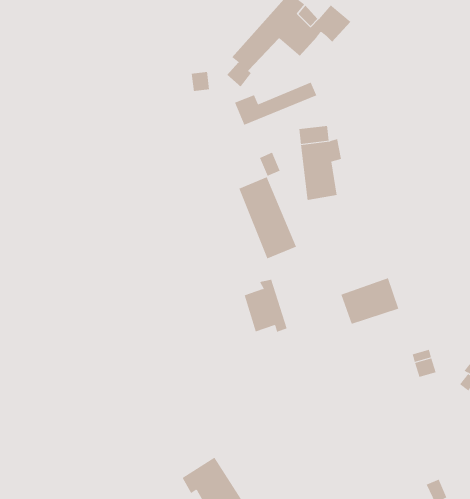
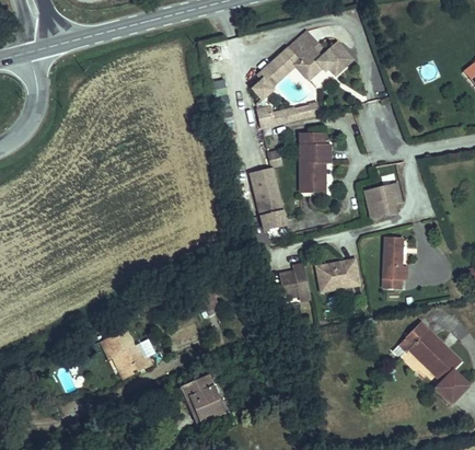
building: none -> [368,176,405,214]
building: none -> [386,233,409,276]
building: [244,279,287,332] -> [280,264,311,305]
building: none -> [100,332,153,378]

